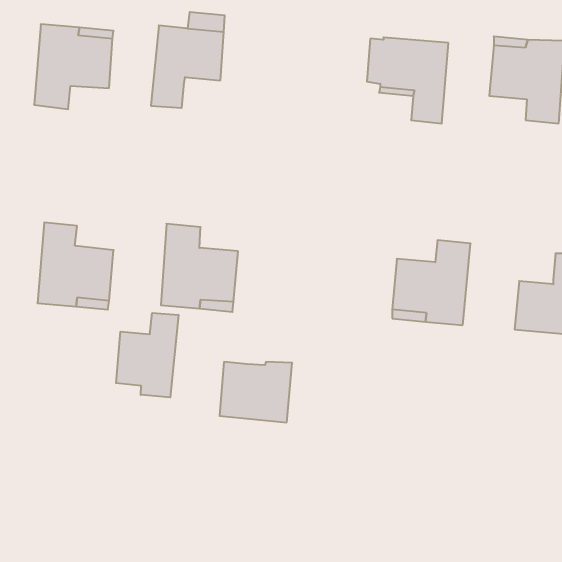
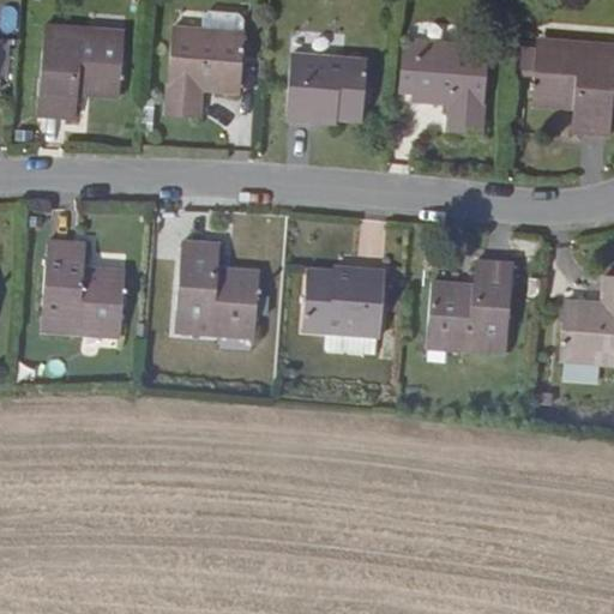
building: none -> [288,54,367,121]
building: [116,313,178,397] -> none
building: [220,362,292,422] -> [306,270,385,336]

